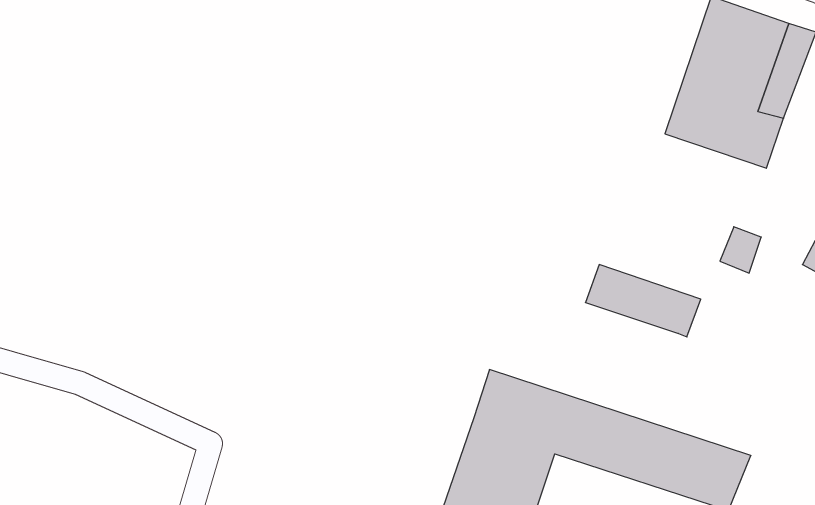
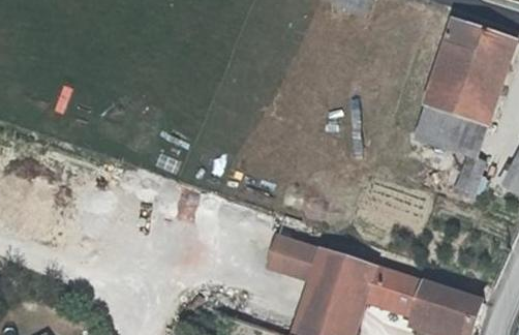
building: [585,265,701,337] -> [418,109,487,152]
building: none -> [267,235,320,279]

